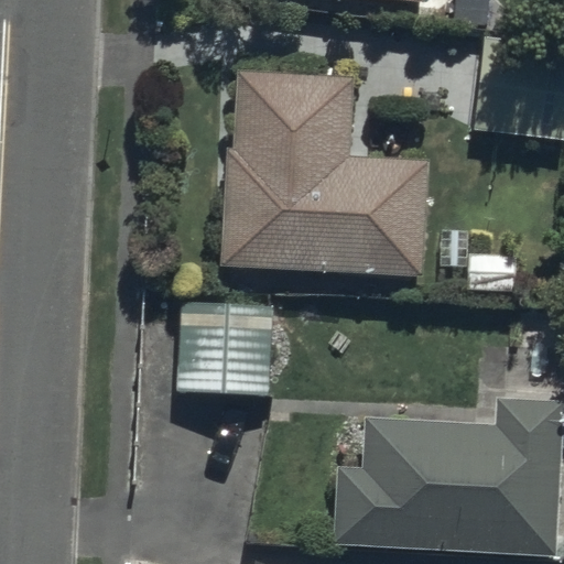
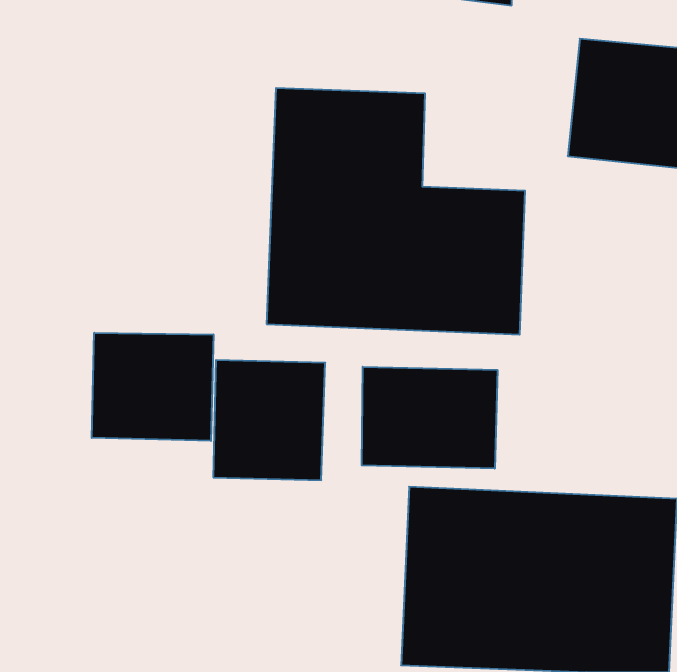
building: none -> [92,333,213,441]
building: none -> [362,367,497,469]

